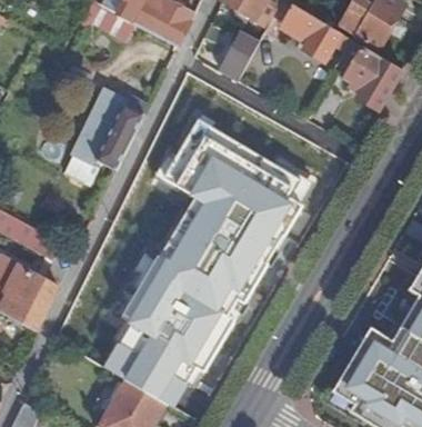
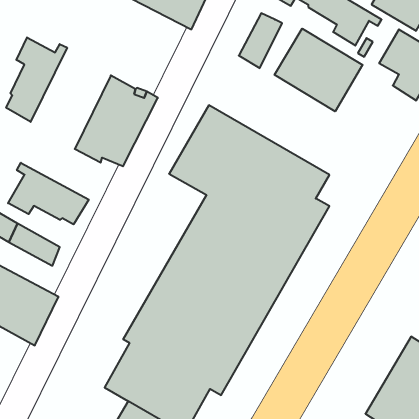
building: none -> [275,29,363,111]
building: none -> [6,37,67,122]
building: none -> [8,163,89,224]

